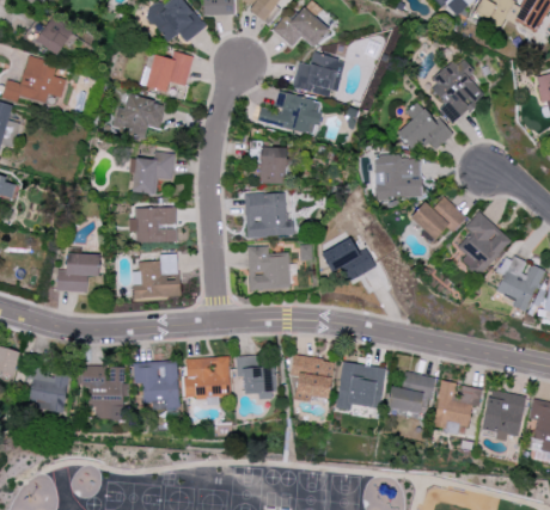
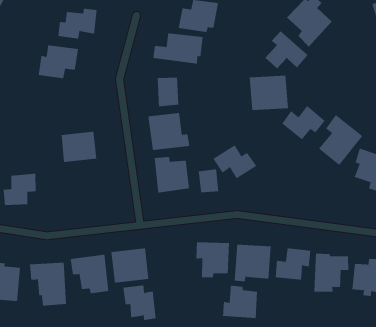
building: [130,150,175,193] -> none
building: [133,253,181,297] -> none
building: none -> [198,169,219,193]
building: [237,355,276,399] -> [122,285,157,320]
building: none -> [223,285,257,319]

